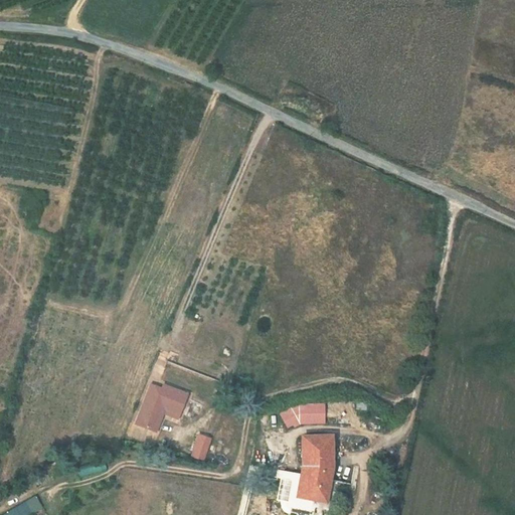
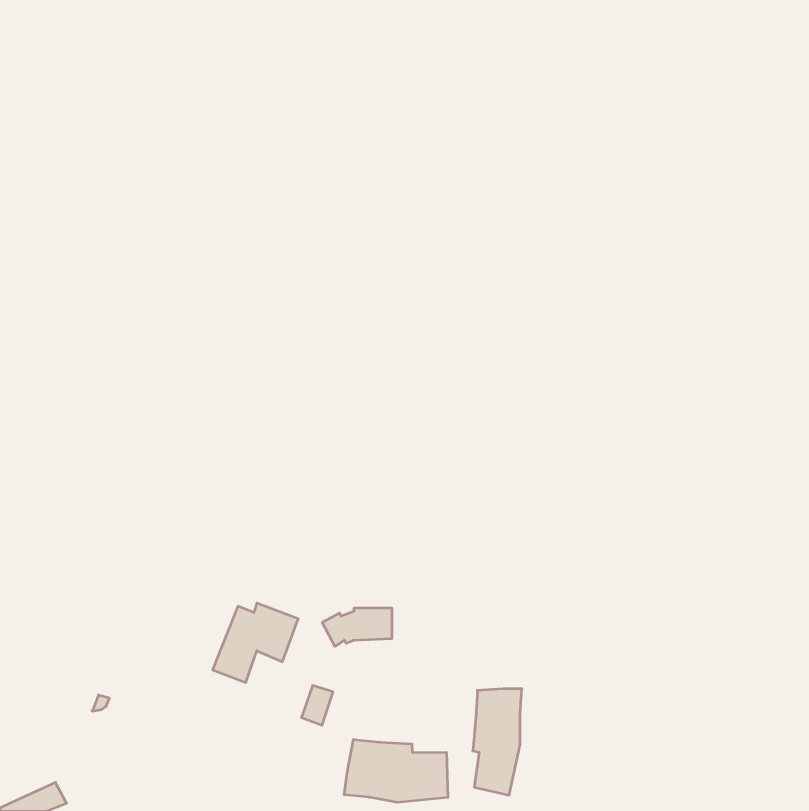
building: [281,404,325,428] -> [322,608,392,646]
building: none -> [344,739,448,802]

